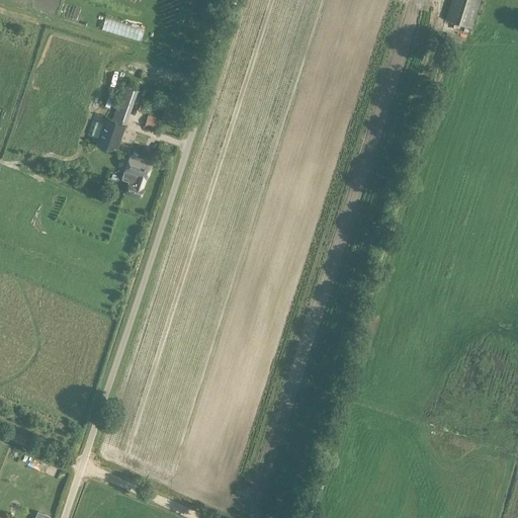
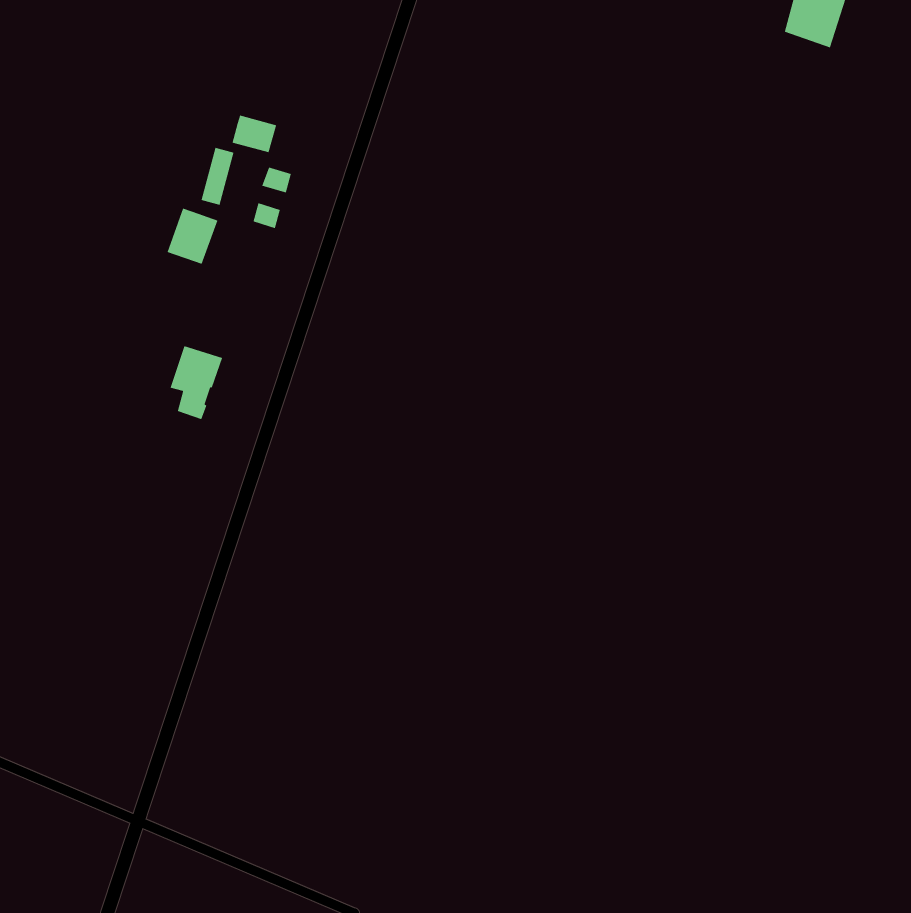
building: none -> [232,115,277,153]
building: [119,154,150,196] -> [170,345,223,420]

